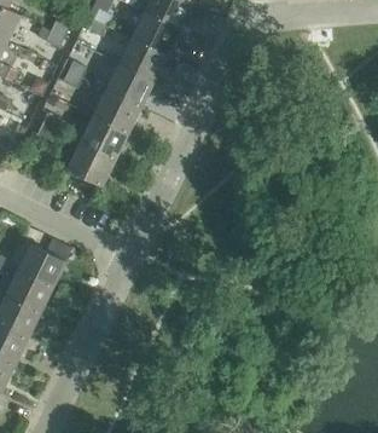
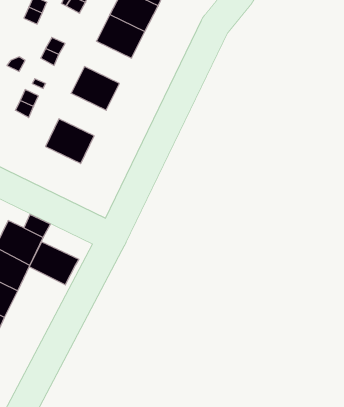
building: [106,64,153,106] -> none
building: [81,116,128,158] -> none
building: none -> [29,242,79,285]

